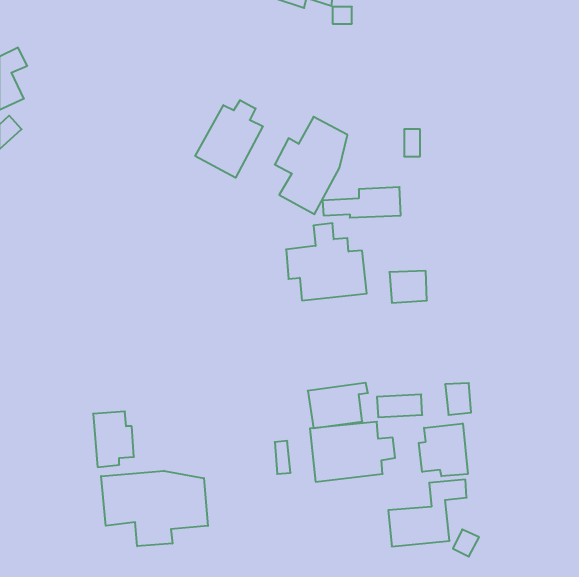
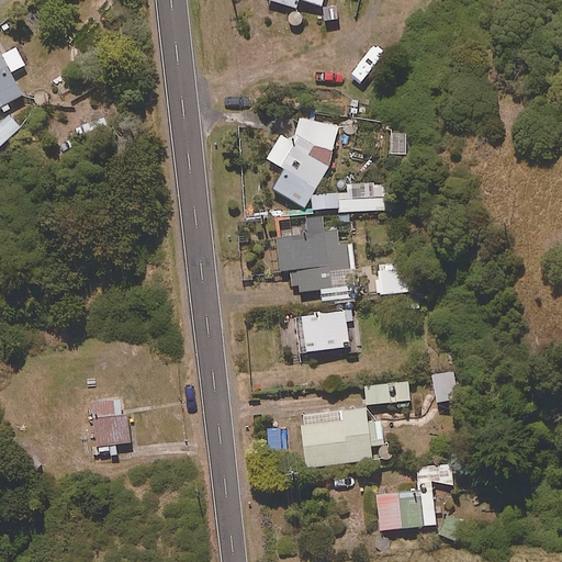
building: [195,100,263,178] -> none
building: [308,383,368,428] -> [294,308,352,352]
building: [419,423,468,476] -> none
building: [101,471,208,546] -> none

